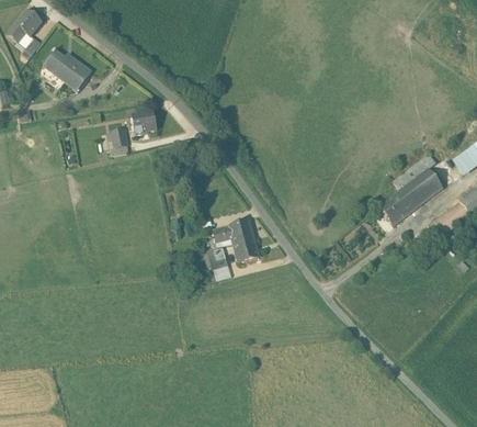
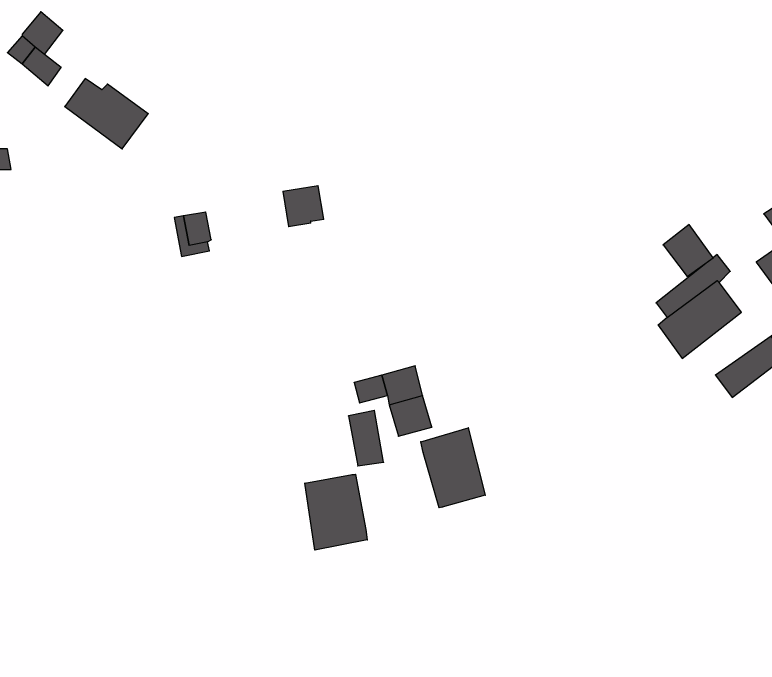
building: [132,110,156,134] -> [283,186,324,227]
building: [377,194,407,225] -> [663,225,713,276]
building: none -> [421,428,485,508]
building: none -> [305,474,367,550]

